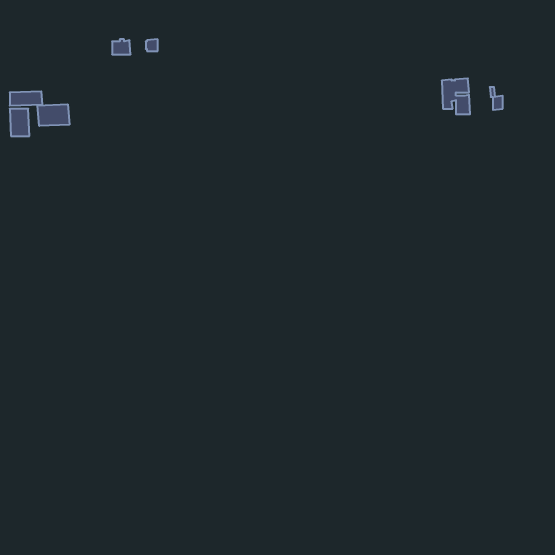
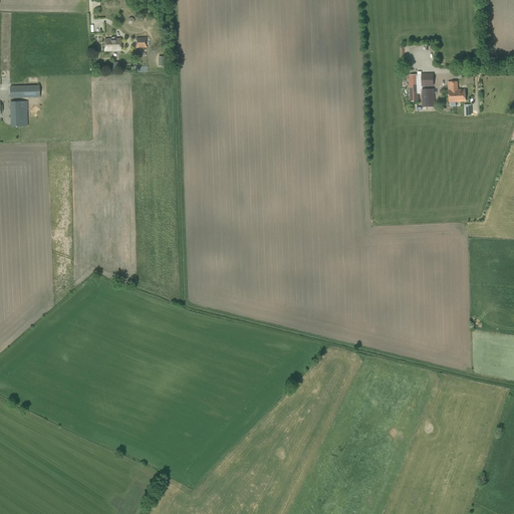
building: [38,104,69,126] -> none

